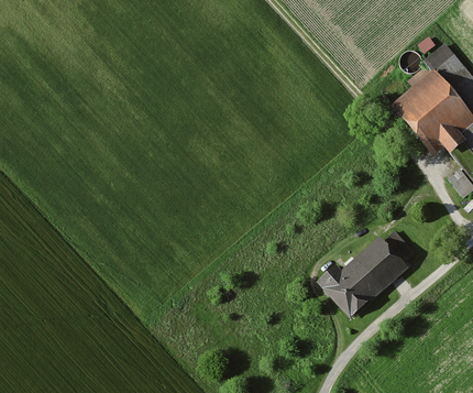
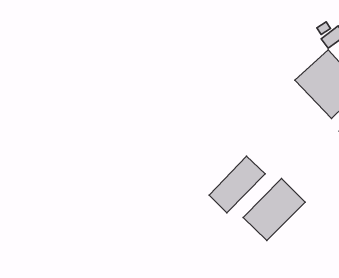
building: none -> [209,156,265,213]

